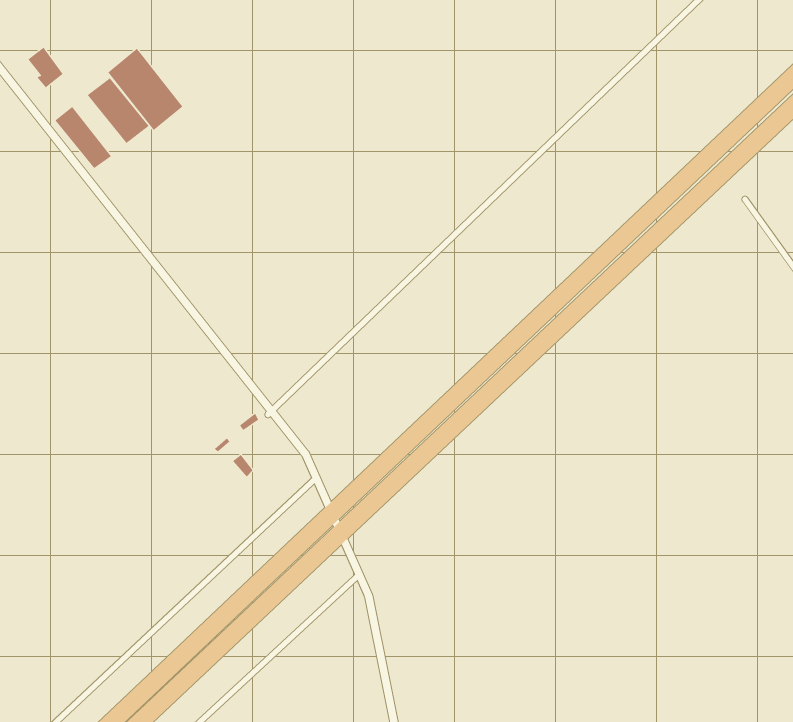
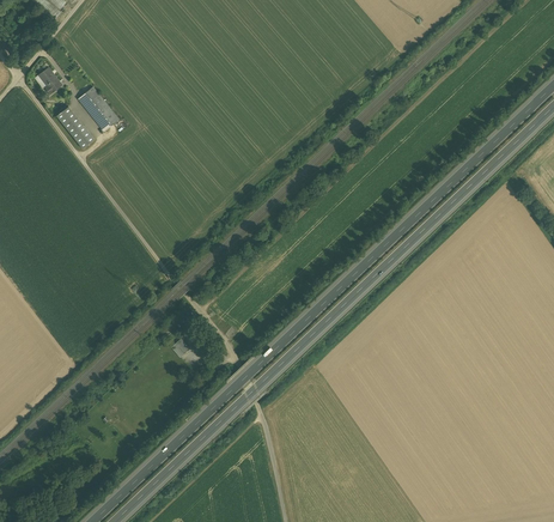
building: [108,48,183,131] -> none

